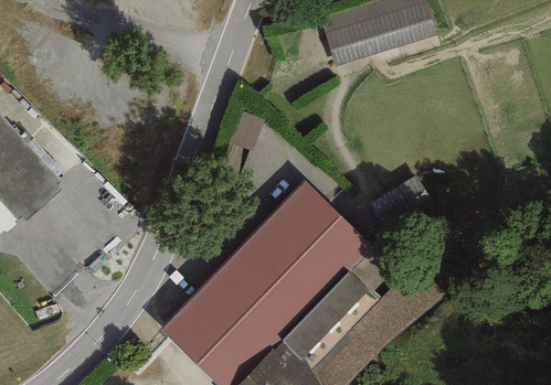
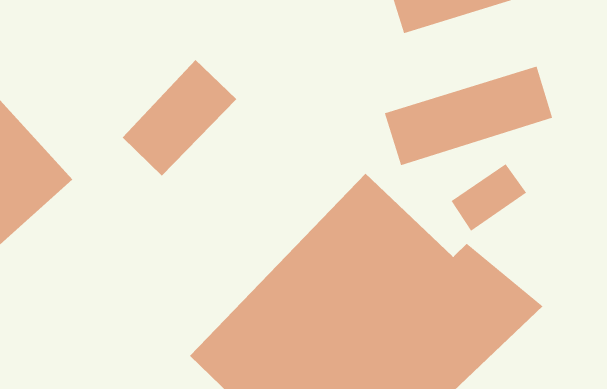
building: none -> [122,59,237,177]
building: none -> [384,65,553,166]

